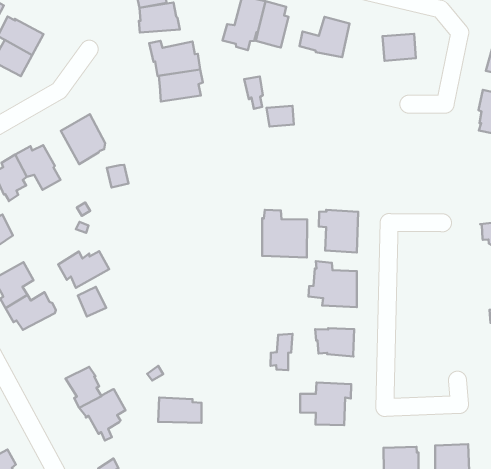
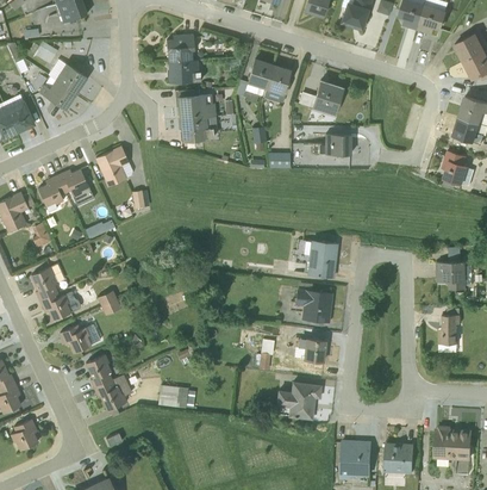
building: [383,34,416,61] -> [325,135,351,155]
building: [262,210,307,257] -> none
building: [58,251,109,288] -> [60,324,101,354]

